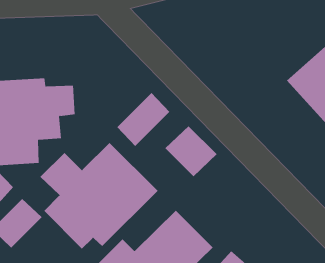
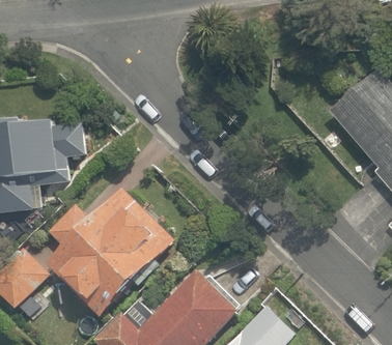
building: [116,92,170,147] -> none
building: [165,125,218,177] -> none

